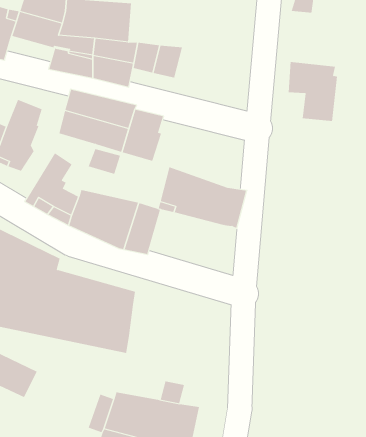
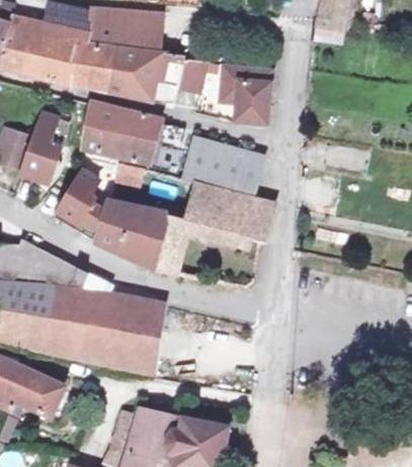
building: none -> [28,50,79,85]
building: [288,62,338,122] -> [222,62,272,122]
building: none -> [184,138,263,202]

